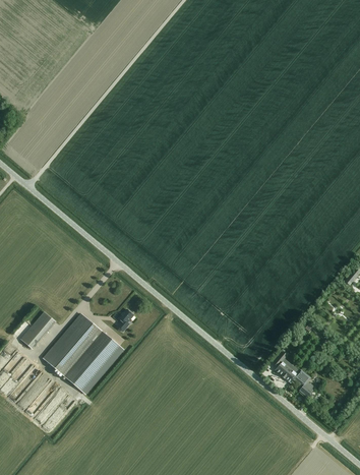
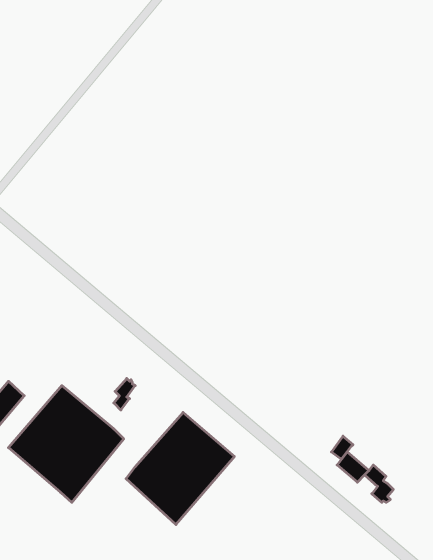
building: none -> [126,412,234,525]

